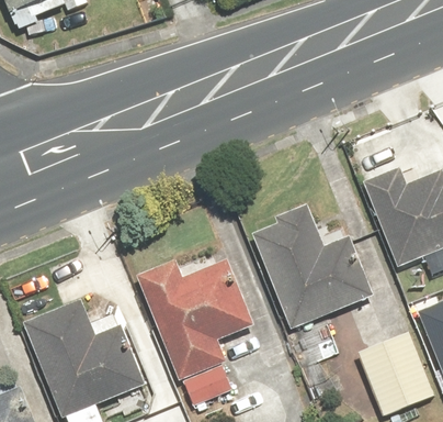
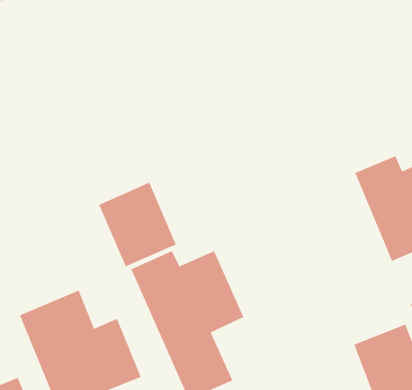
building: none -> [99,182,176,267]
building: [248,206,372,330] -> none

